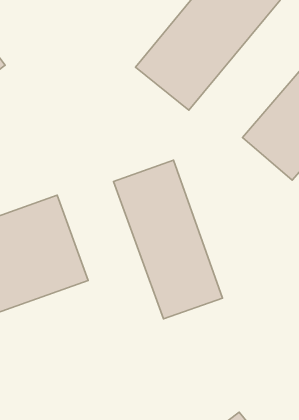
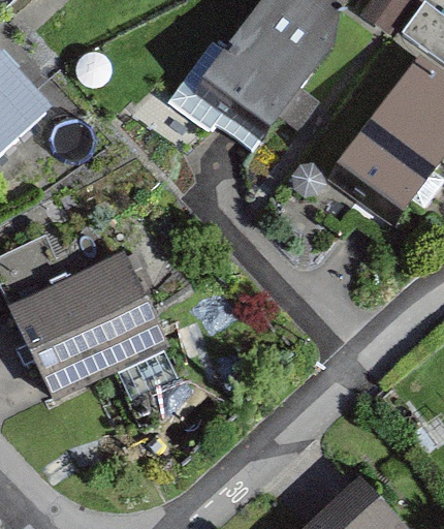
building: [114,160,222,319] -> none

